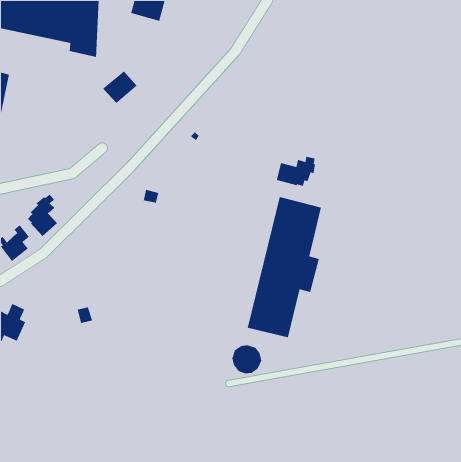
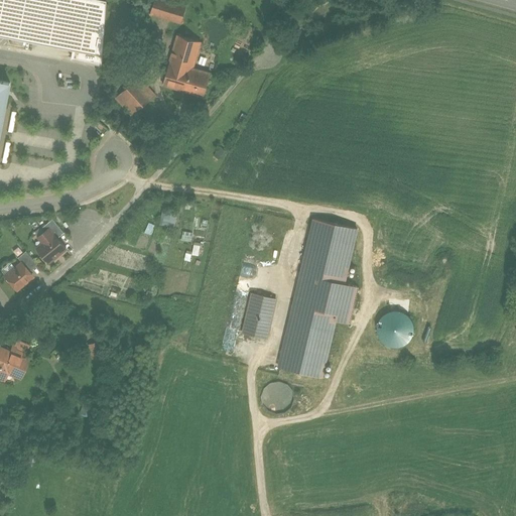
building: none -> [160,33,209,97]
building: [276,156,316,187] -> none
building: none -> [238,291,276,340]
building: none -> [378,311,414,348]

